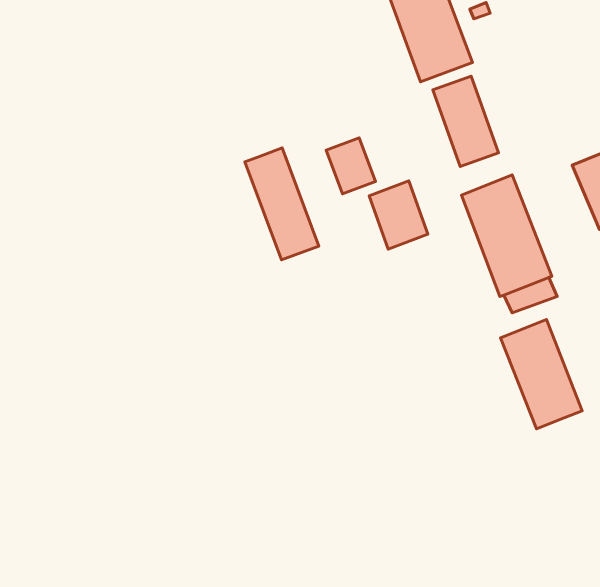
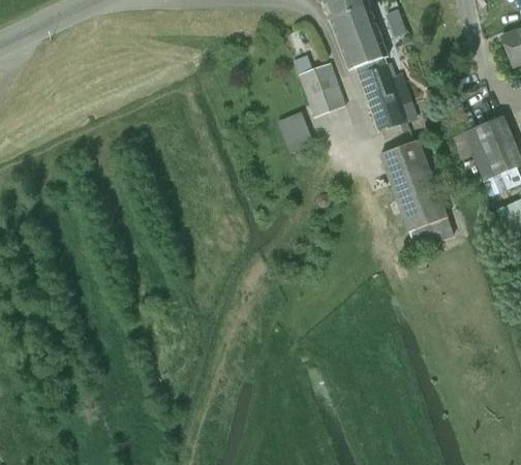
building: [245,148,319,260] -> none
building: [369,181,428,249] -> [300,62,344,114]
building: [501,320,582,429] -> none

